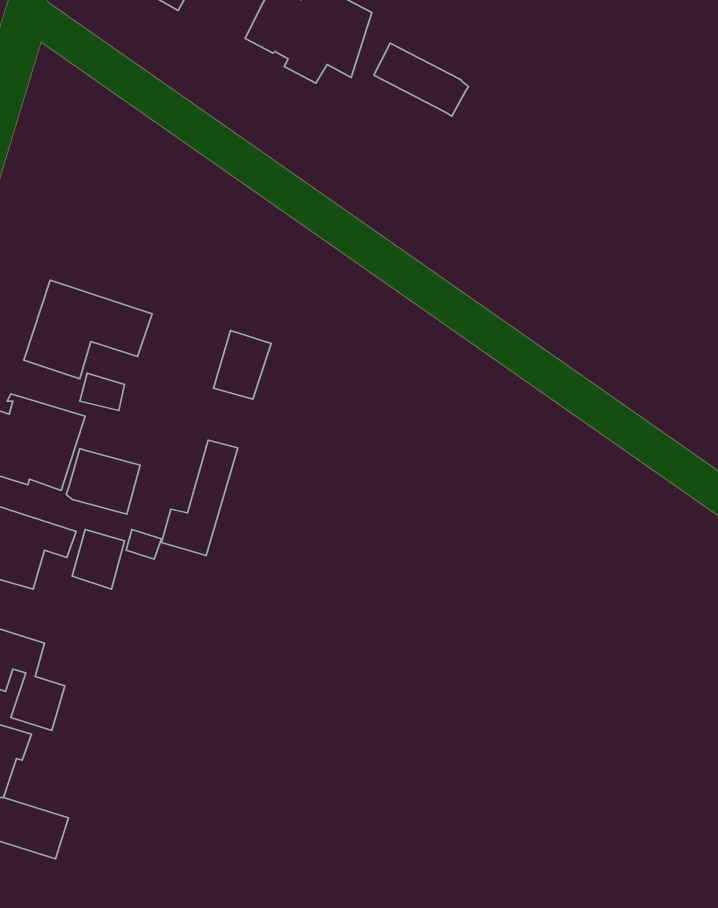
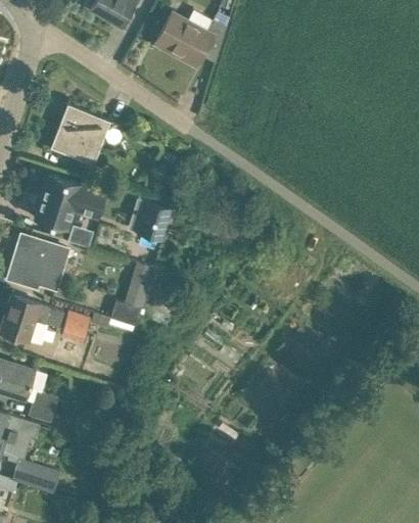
building: [374,43,468,116] -> none
building: none -> [53,105,109,164]
building: [66,448,140,514] -> none

